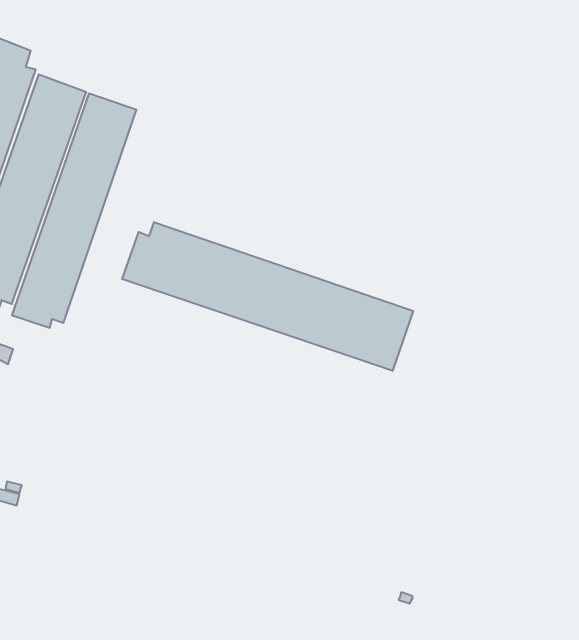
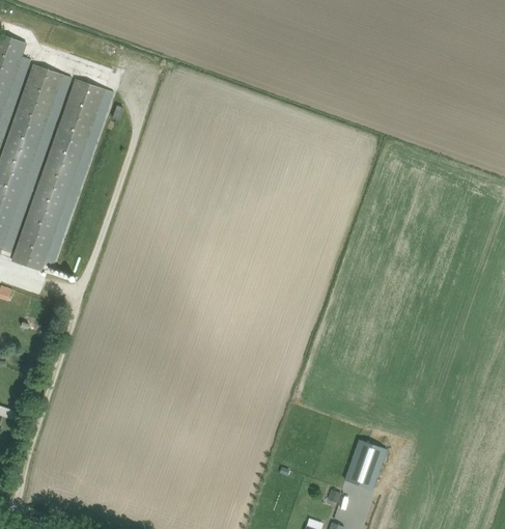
building: [122,222,413,371] -> none
building: none -> [345,440,386,489]

